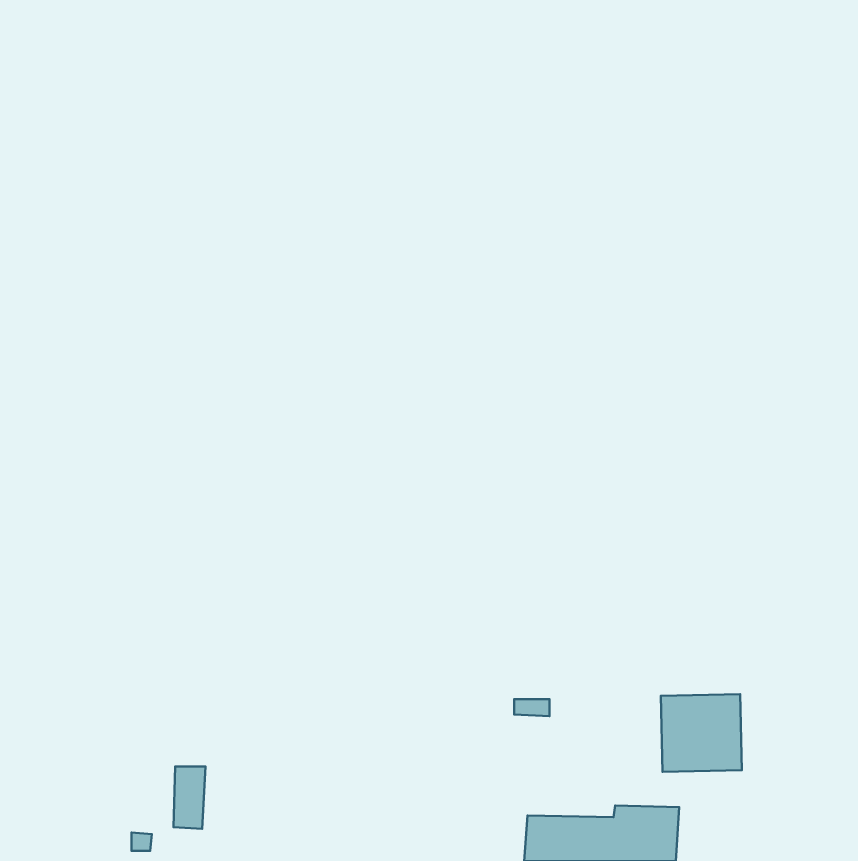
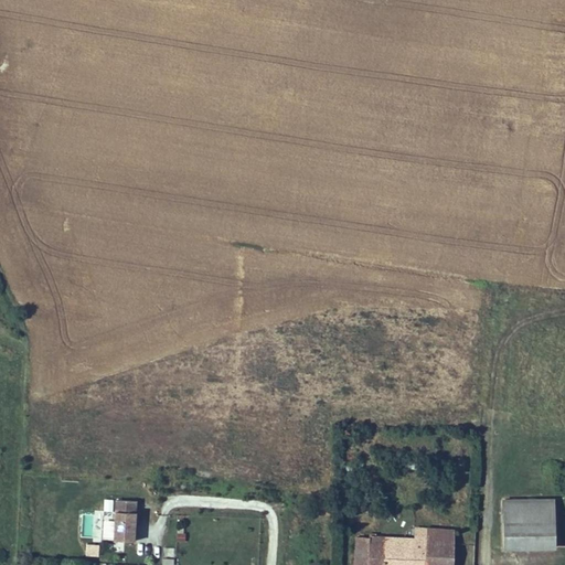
building: [661,694,742,772] -> [504,500,557,551]

